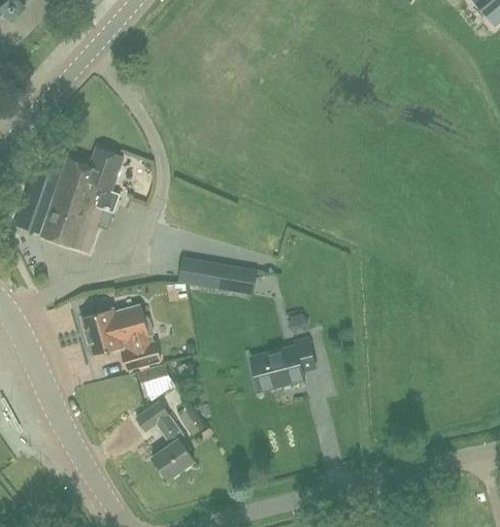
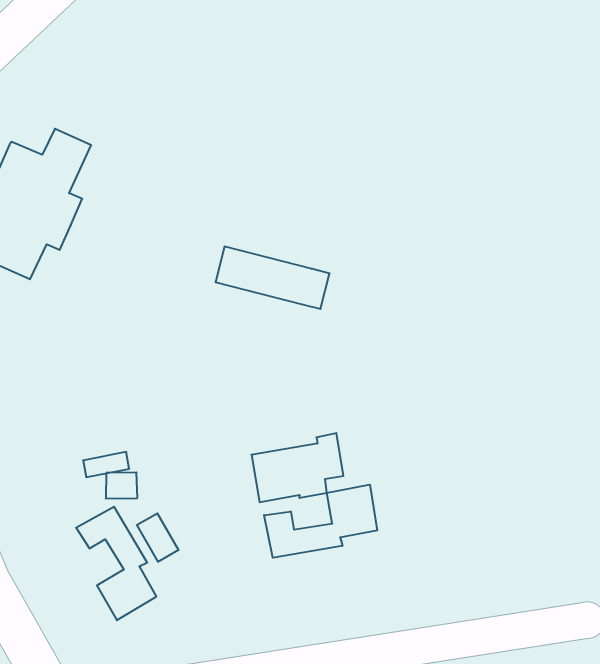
building: [178,257,256,294] -> [215,247,330,309]
building: [80,306,160,372] -> none
building: none -> [264,485,377,558]

